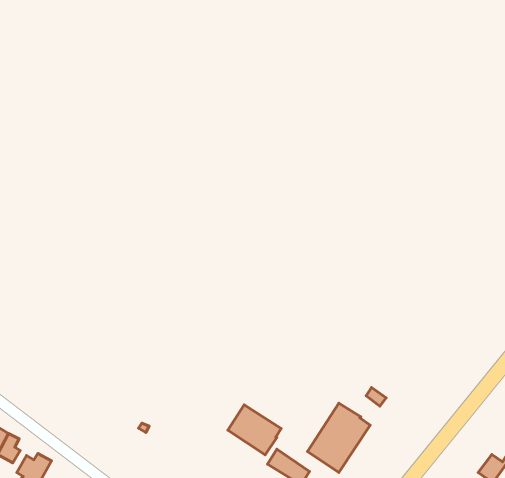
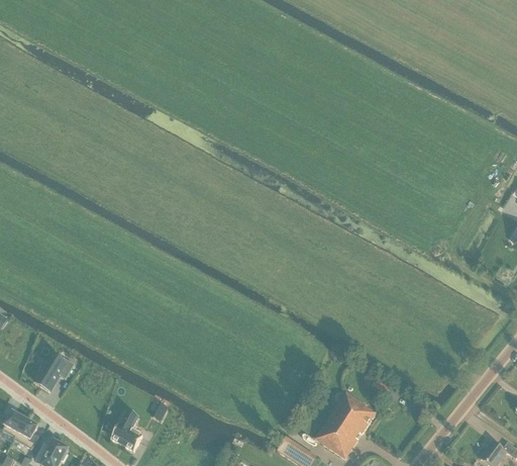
building: none -> [33,352,74,391]
building: [228,405,281,455] -> none
building: none -> [110,413,141,450]

